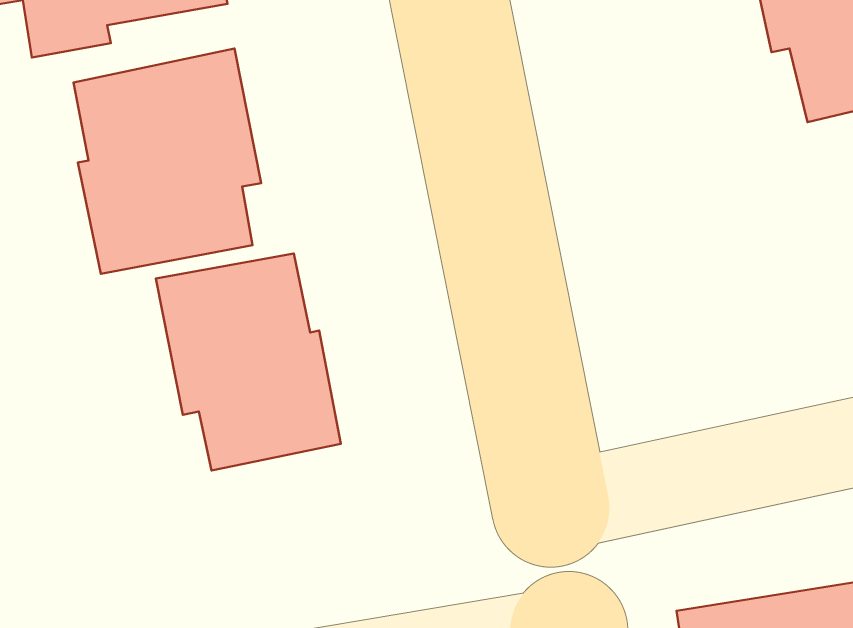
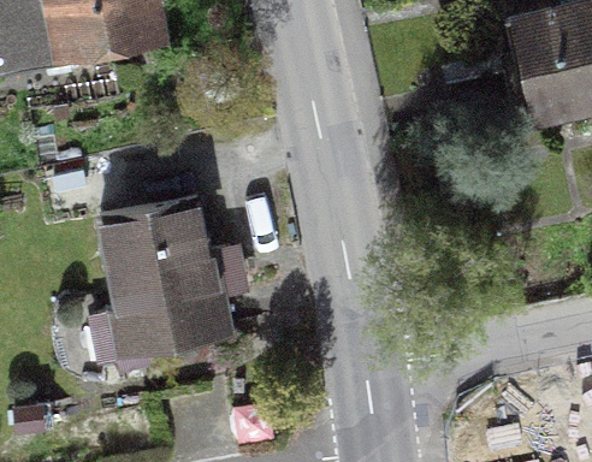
building: [74,49,261,274] -> none

